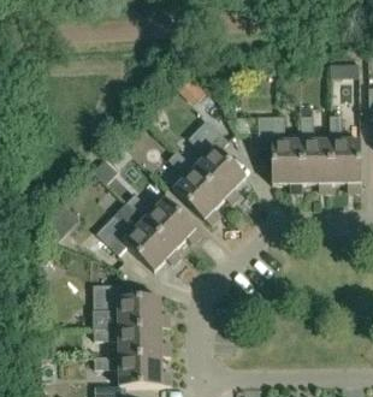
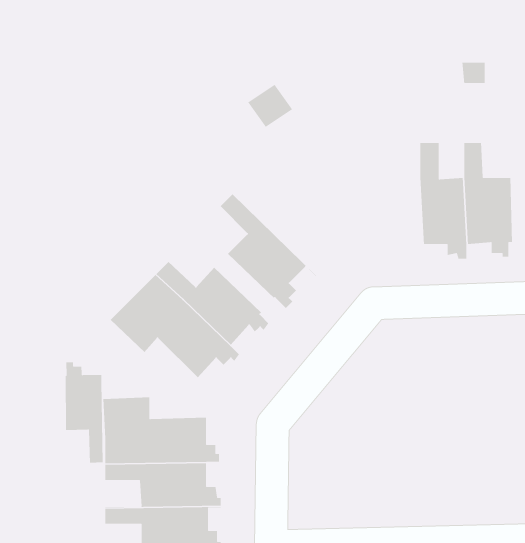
building: [257,114,303,192] -> none
building: [178,119,248,203] -> none
building: none -> [65,361,104,463]

